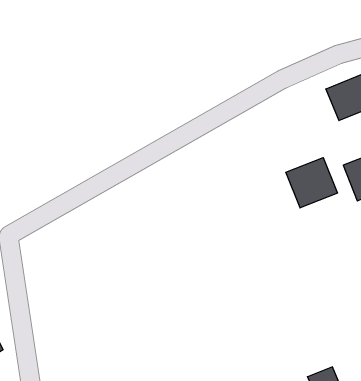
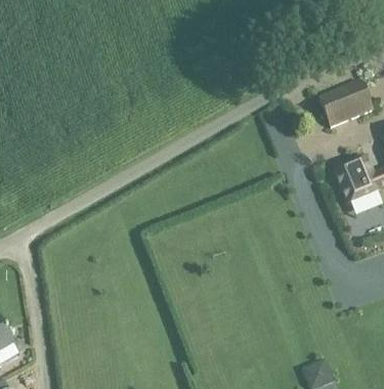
building: [286,158,337,208] -> none

